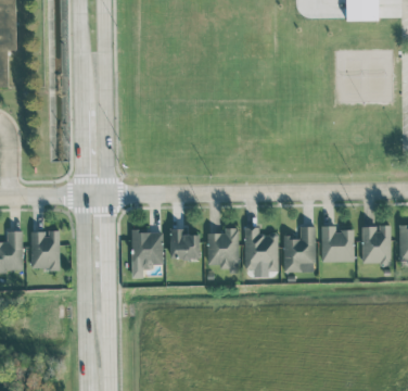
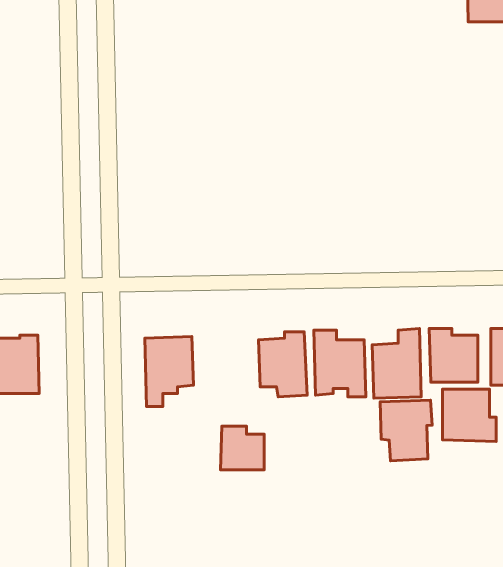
building: [170,228,200,257] -> [220,426,264,470]
building: none -> [442,389,496,442]
building: none -> [380,400,432,461]

